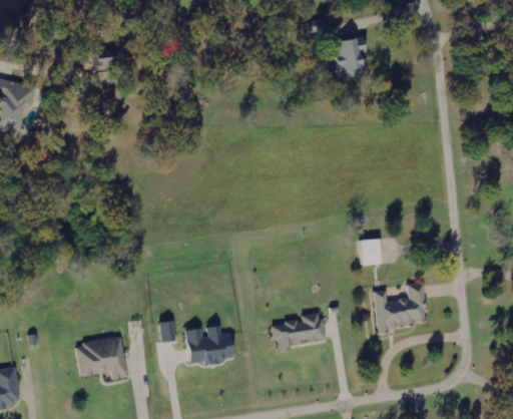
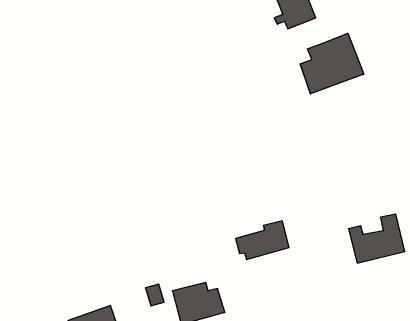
building: none -> [300,33,364,94]
building: [361,238,381,264] -> none
building: [271,313,324,347] -> [236,221,289,260]

